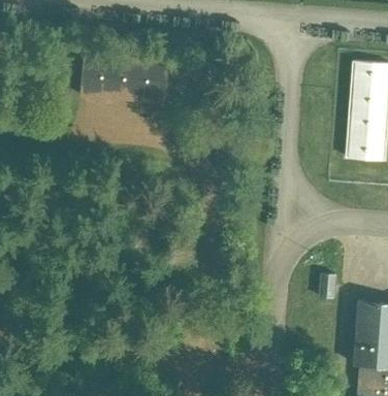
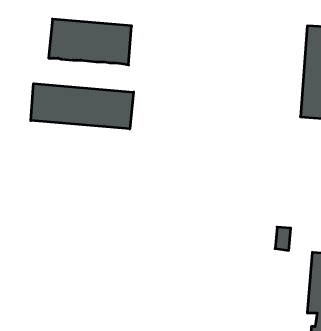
building: none -> [31,84,134,129]

